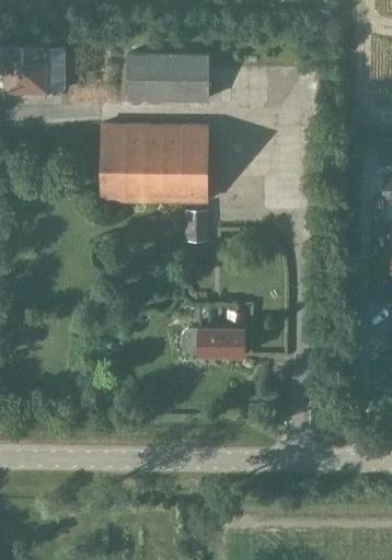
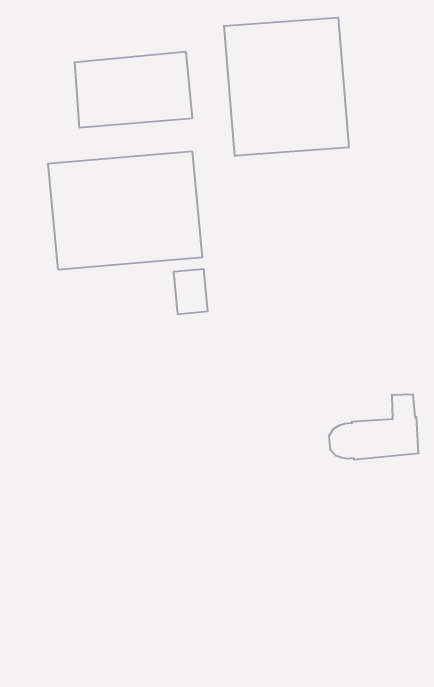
building: none -> [224,17,349,156]
building: [181,311,245,354] -> [329,395,419,460]

